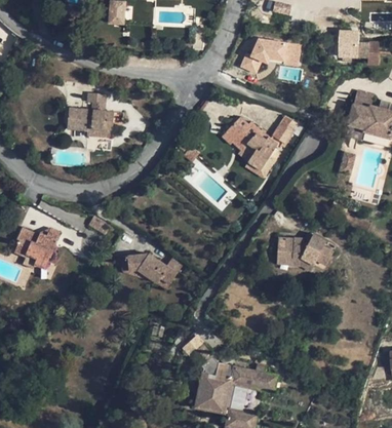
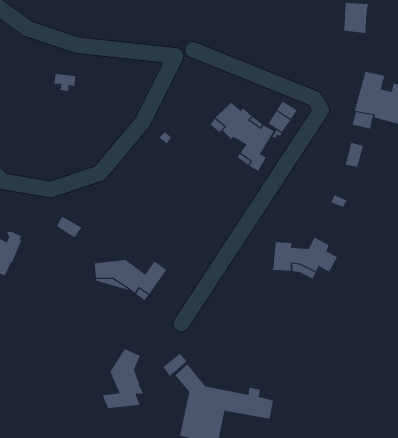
building: [239,37,301,72] -> none
building: [357,41,379,64] -> none
building: [67,108,114,133] -> none
building: none -> [102,348,144,409]

